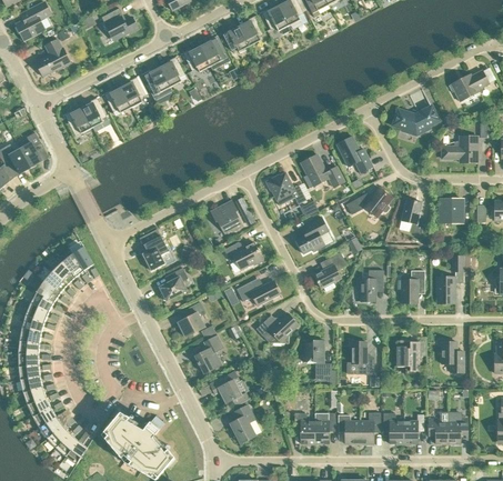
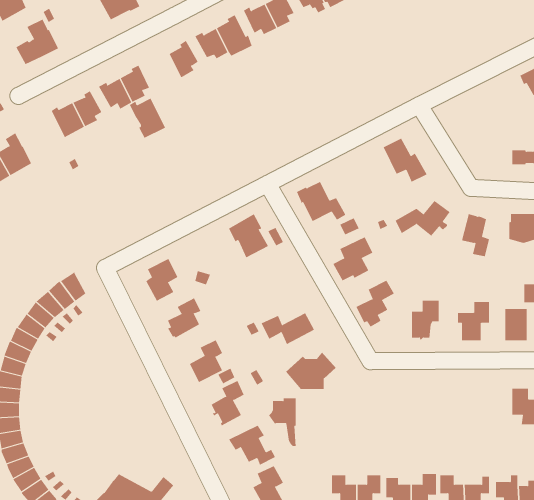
building: [142,67,172,100] -> [129,98,166,139]
building: [392,107,437,134] -> none
building: [300,153,343,187] -> none
building: [223,241,262,269] -> none
building: [300,340,323,380] -> [268,398,296,447]
building: [351,341,372,373] -> none
building: [396,341,418,370] -> none

